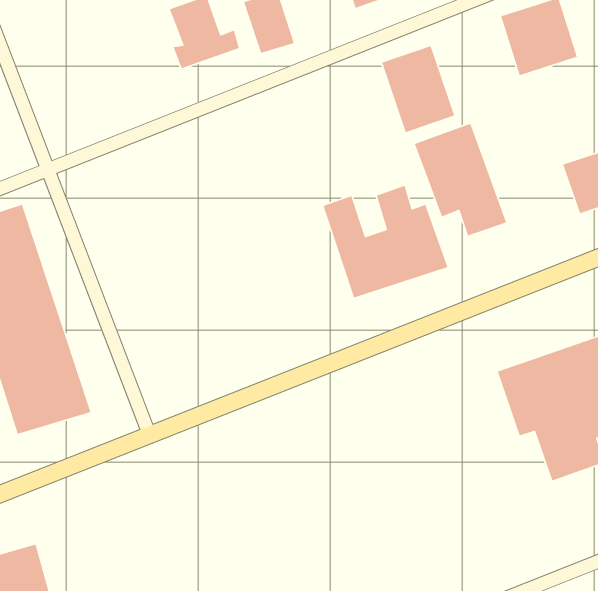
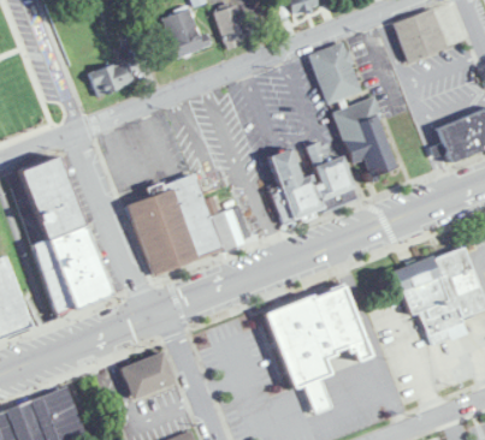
building: none -> [89,60,132,96]
building: none -> [125,176,233,274]
building: none -> [266,283,367,416]
building: none -> [119,350,175,399]

